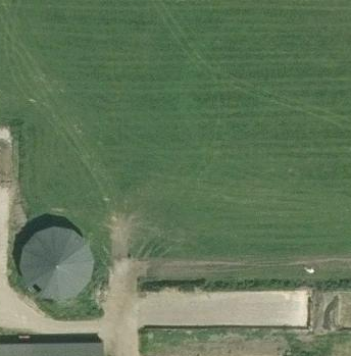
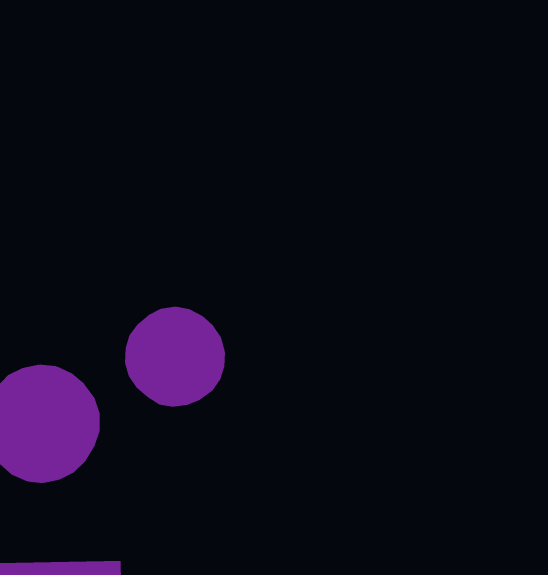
building: none -> [125,306,225,408]

